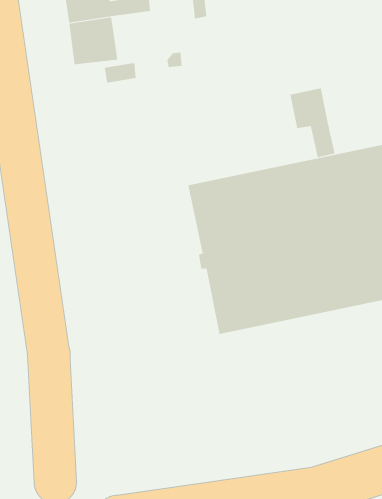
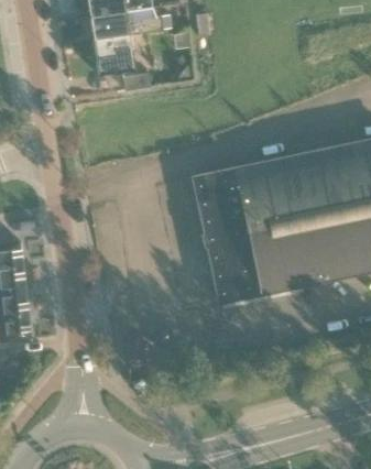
building: [290,88,335,158] -> none

